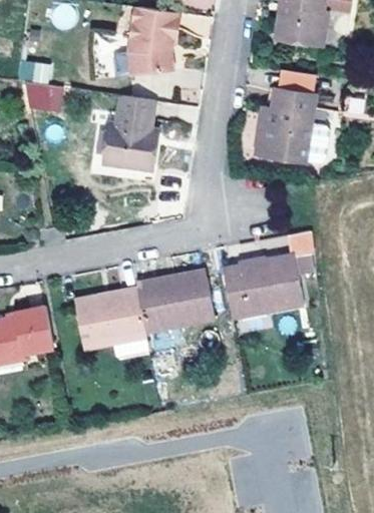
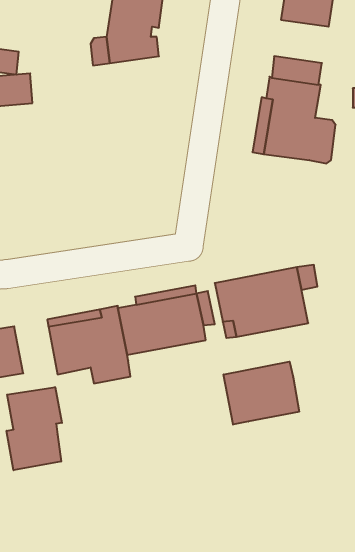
building: [104,95,153,169] -> none
building: none -> [224,362,299,425]
building: none -> [7,387,62,470]

